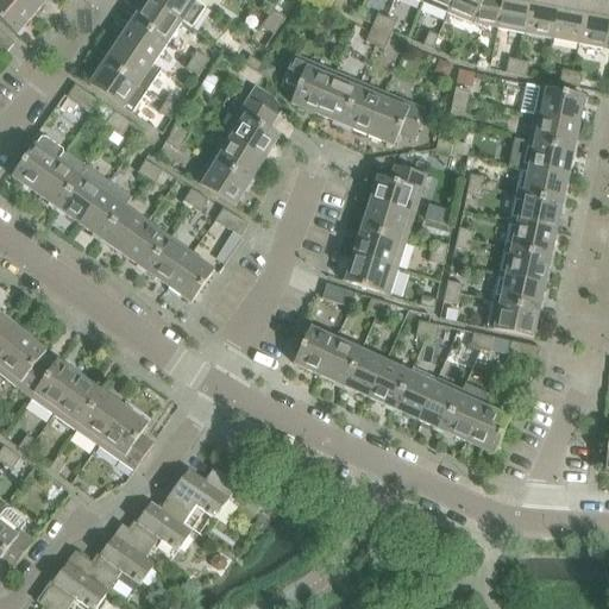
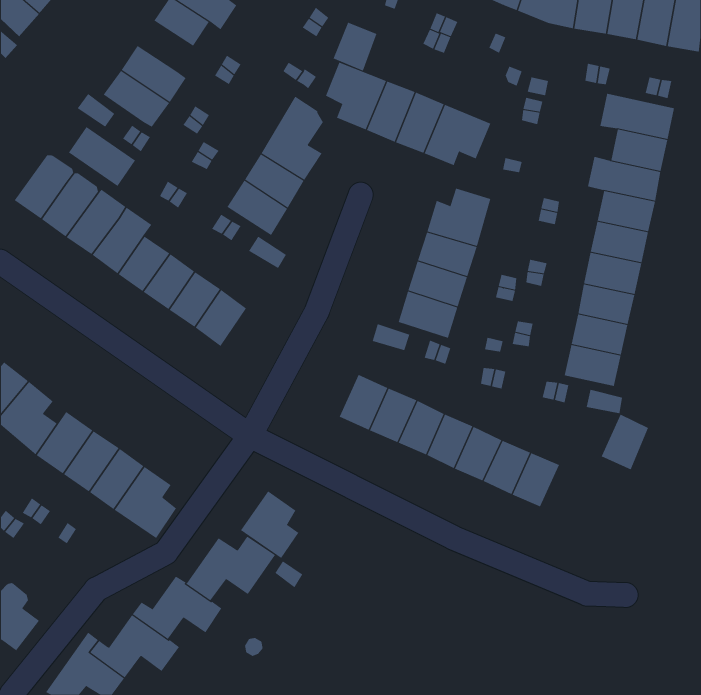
building: [119,18,168,62] -> none
building: none -> [333,22,377,71]
building: none -> [68,126,136,187]
building: [469,403,510,452] -> [601,414,649,470]
building: none -> [240,491,299,559]

